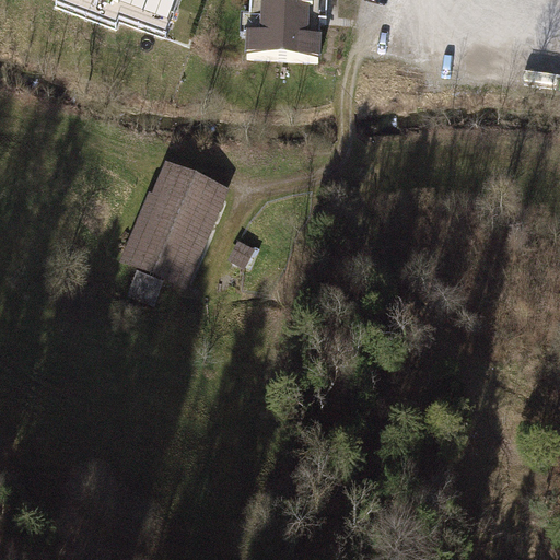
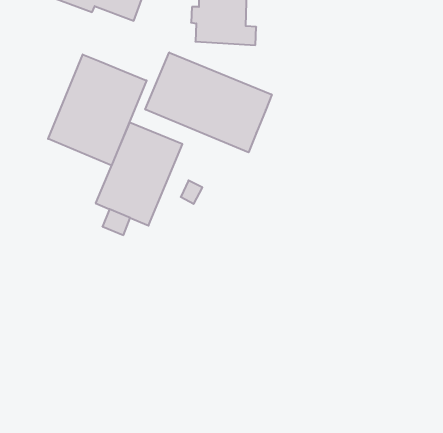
building: none -> [145,52,272,152]
building: none -> [48,54,147,165]

